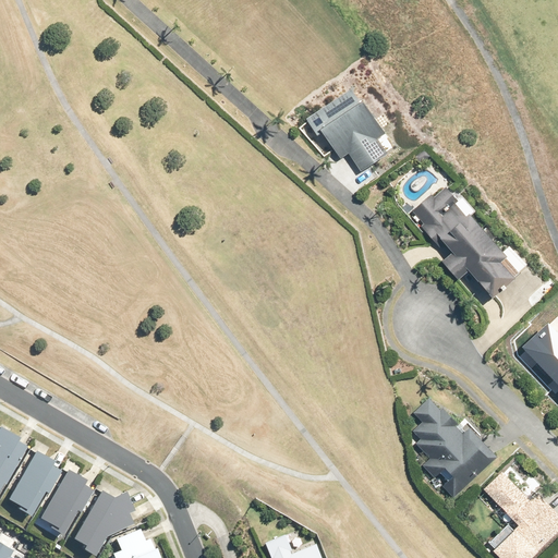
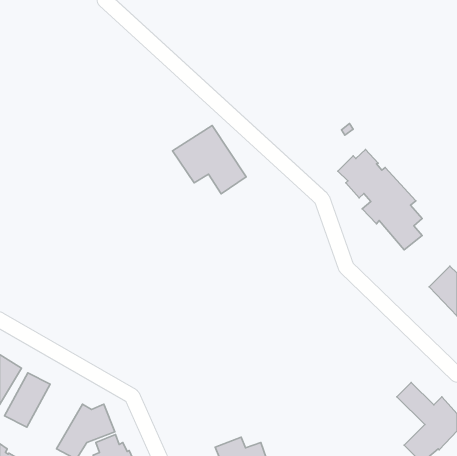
building: [305,94,395,177] -> [173,126,246,194]
building: [412,396,496,496] -> none
building: [36,474,92,541] -> none

